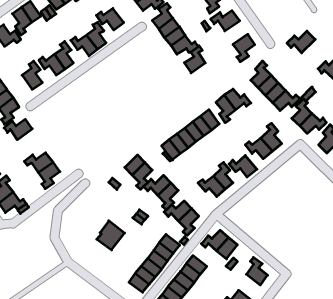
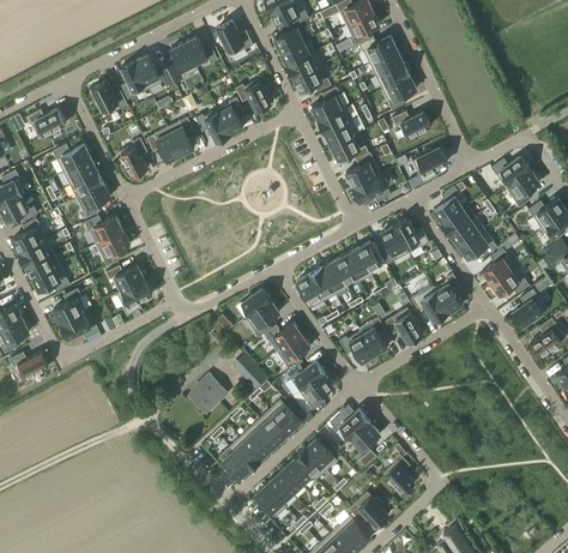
building: none -> [508,168,538,206]
building: none -> [352,176,391,202]
building: none -> [99,229,129,265]

